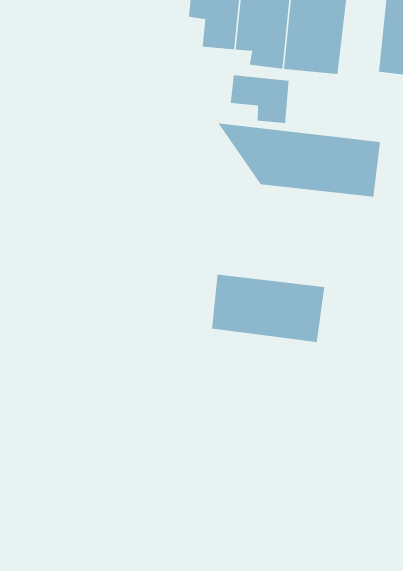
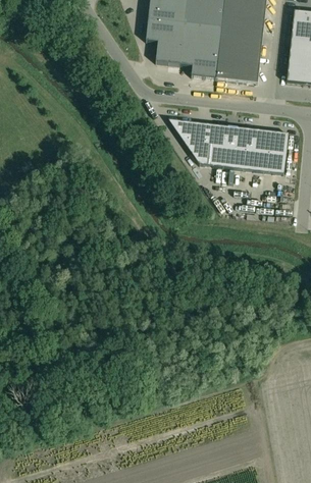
building: [230,75,289,124] -> none
building: [211,274,325,343] -> none

